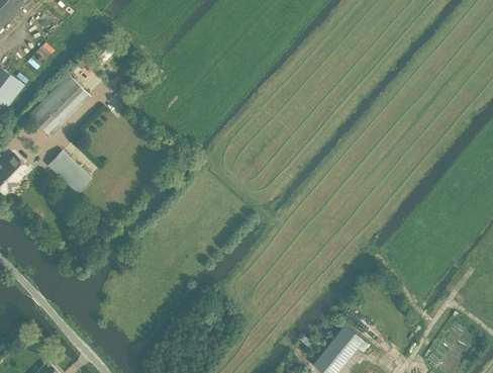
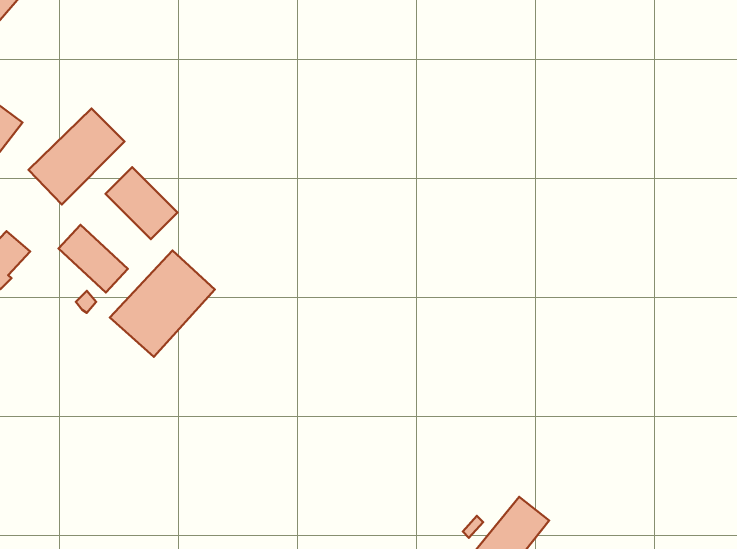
building: none -> [106,167,177,239]
building: none -> [110,250,215,357]

